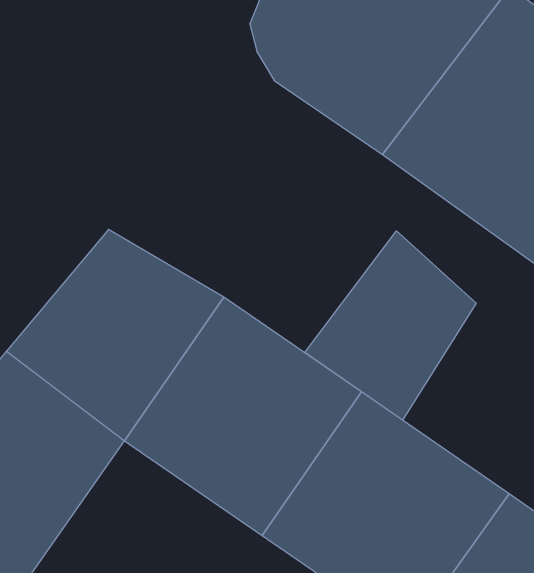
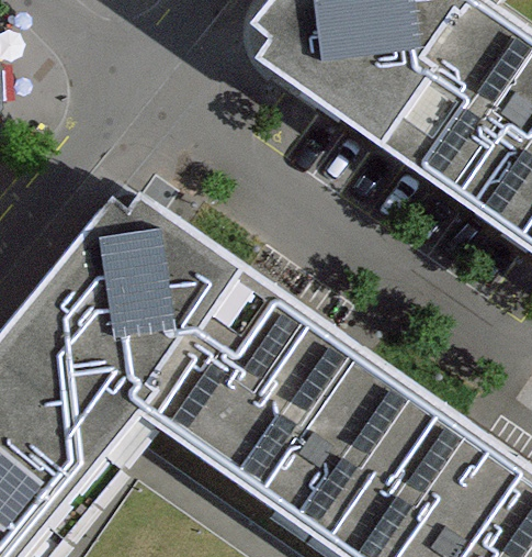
building: [305,231,476,420] -> none

